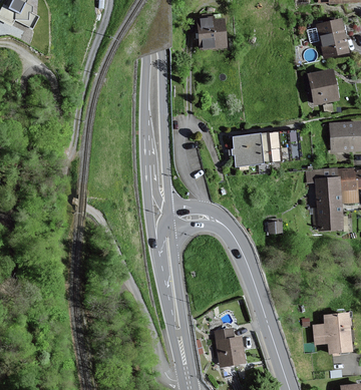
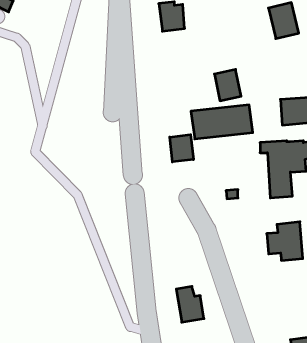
building: [308,69,337,103] -> [214,69,241,101]
building: none -> [170,135,193,162]
building: [312,311,351,353] -> [267,222,303,260]

